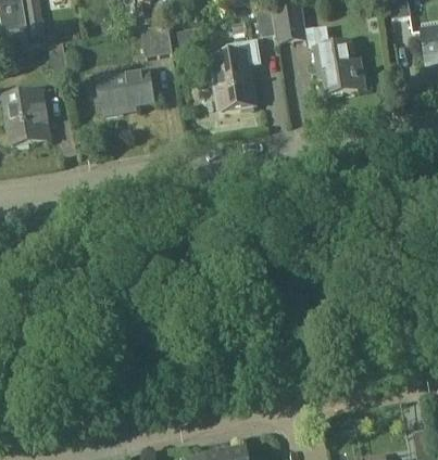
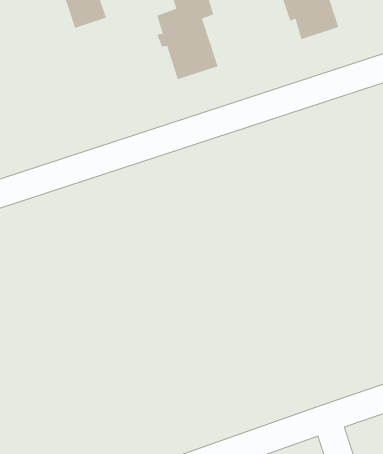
building: [97,67,154,113] -> none

